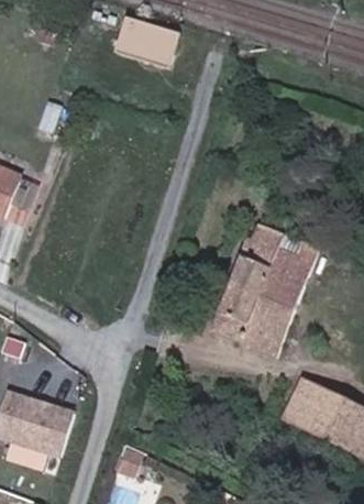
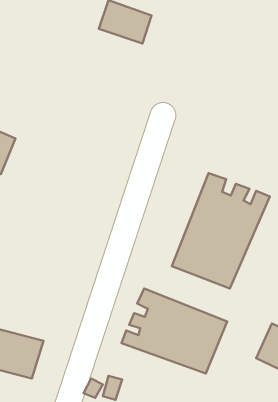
building: none -> [122,289,227,373]
building: [283,377,326,428] -> none

